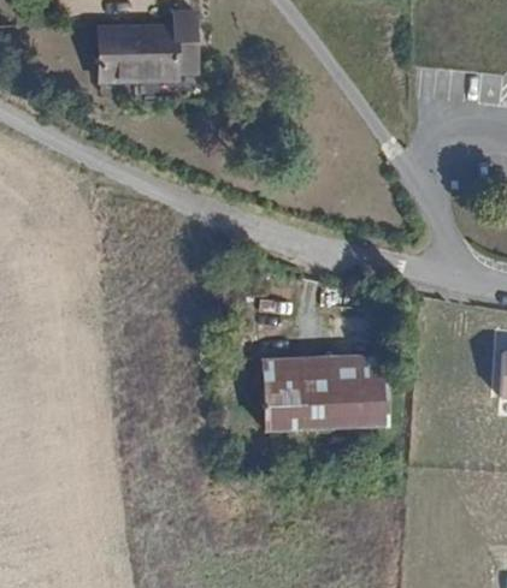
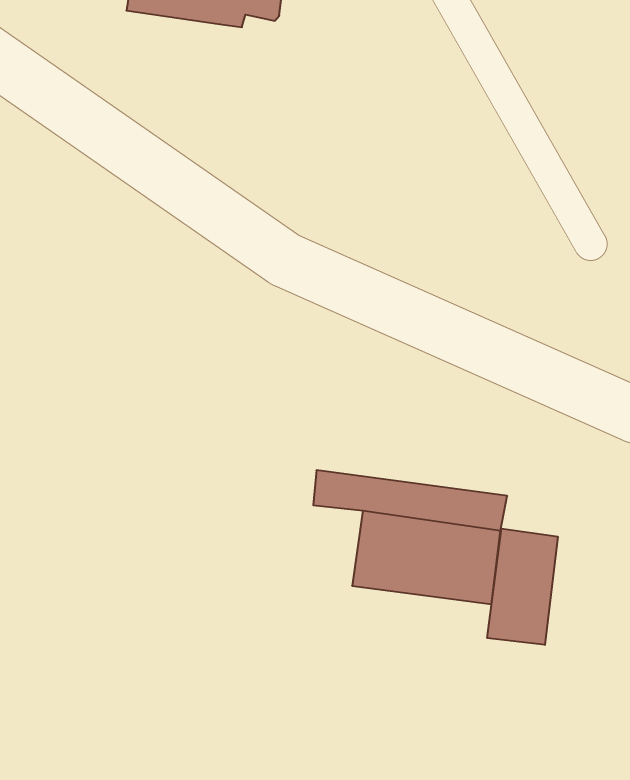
building: none -> [487,529,558,645]
building: [265,378,297,427] -> none

